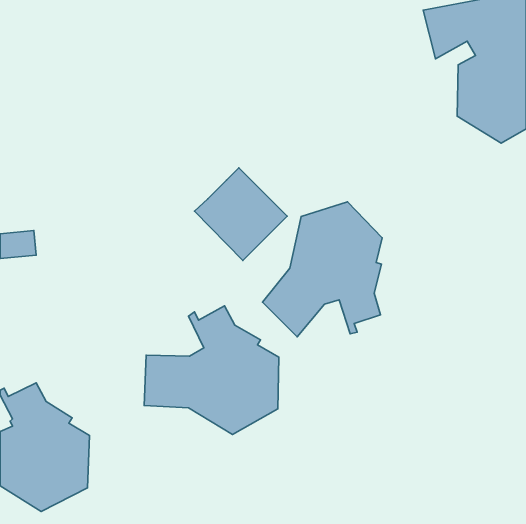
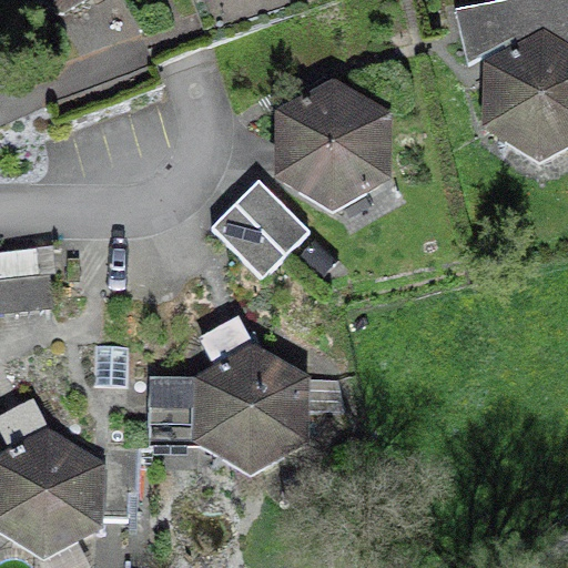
building: none -> [284,85,382,204]
building: [262,202,382,337] -> none

